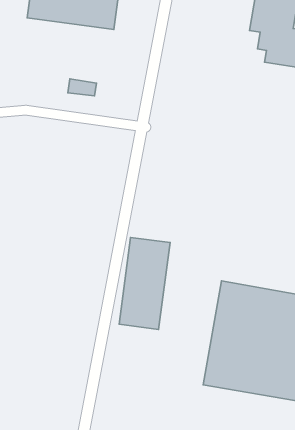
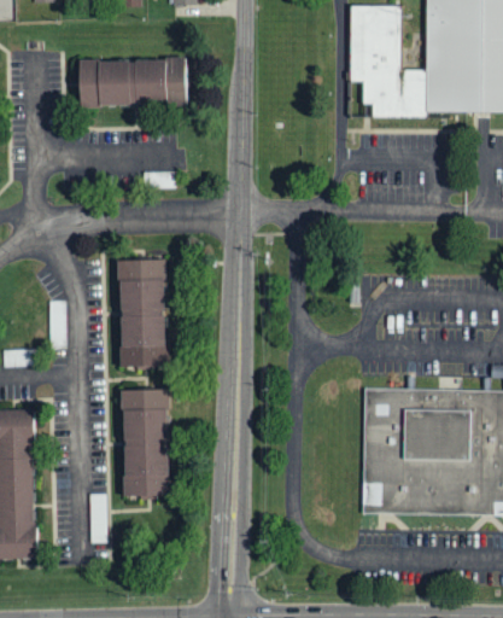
building: none -> [116,260,168,366]
building: [119,237,170,329] -> [121,389,171,496]

